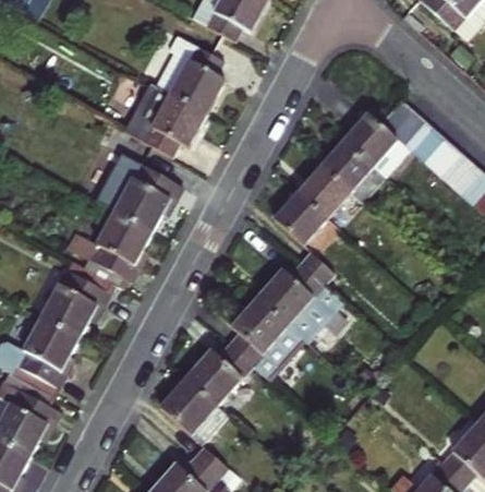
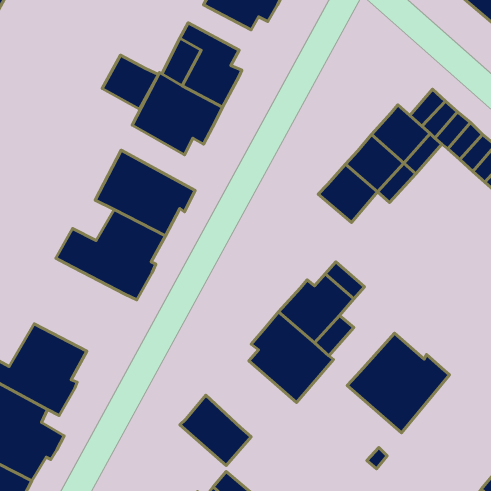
building: none -> [102,55,158,109]
building: [272,192,325,243] -> none
building: [35,255,118,336] -> none
building: none -> [347,333,449,433]
building: [192,345,257,406] -> none

